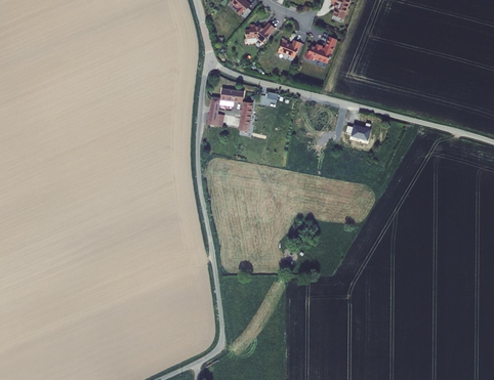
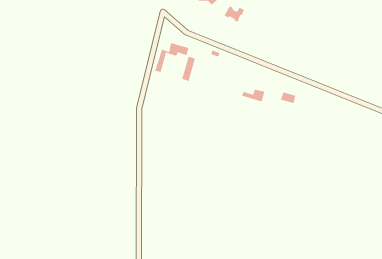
building: [304,36,336,62] -> none

